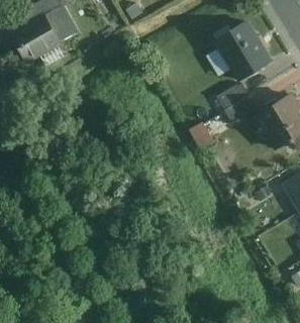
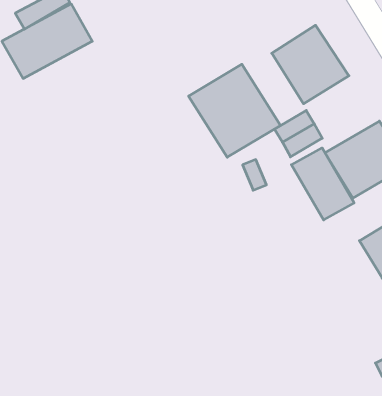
building: none -> [189,64,280,157]
building: none -> [291,148,354,220]

